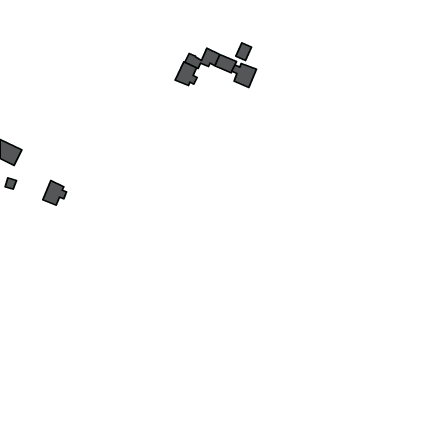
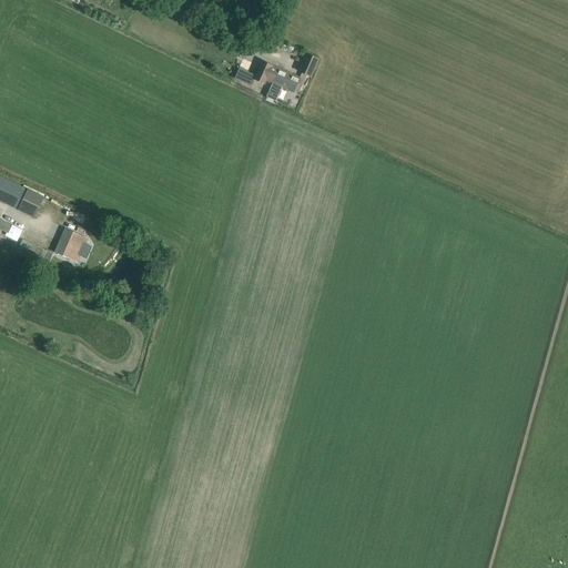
building: [175,62,197,86] -> none
building: [232,63,256,87] -> none

